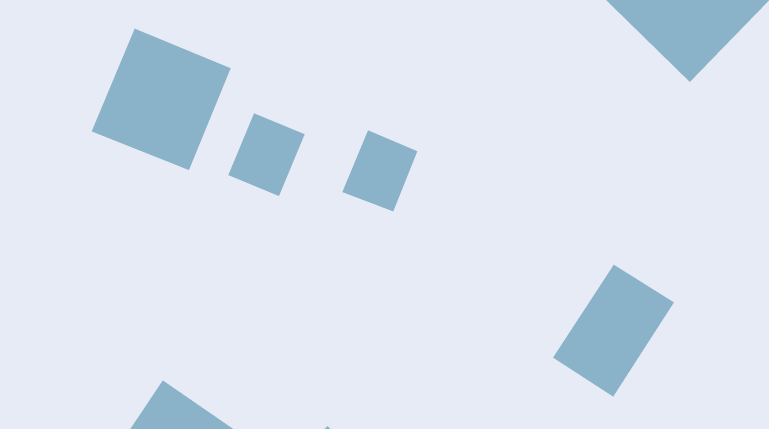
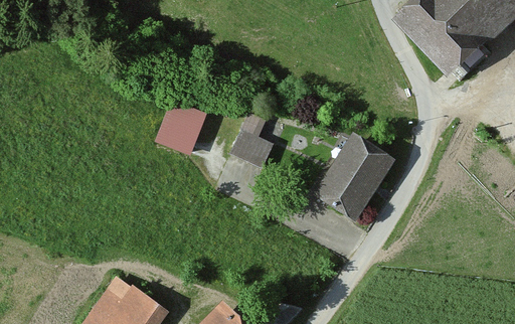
building: [91,27,232,171] -> none
building: [552,264,675,398] -> [314,133,394,220]

